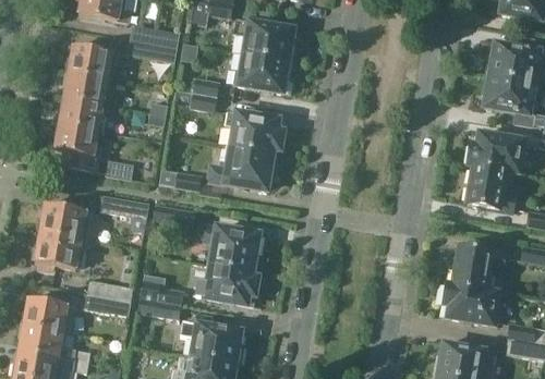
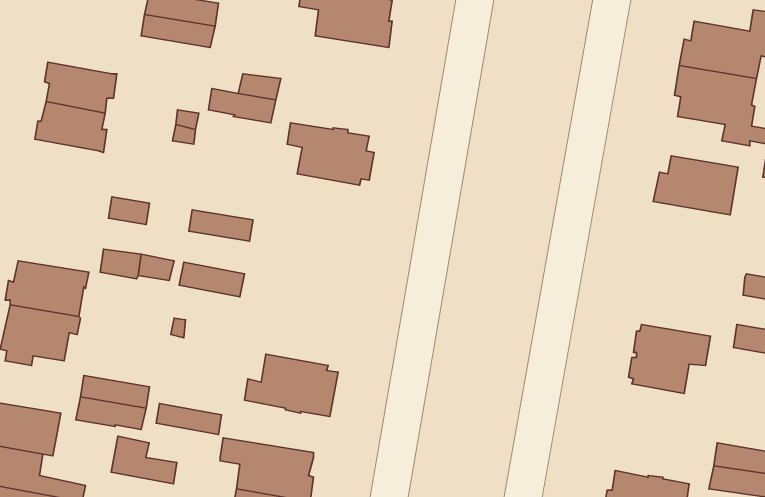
building: [65,45,119,78] -> none
building: [232,53,292,91] -> none
building: [53,122,102,173] -> none
building: [209,145,272,190] -> none
building: [465,164,514,211] -> none
building: [198,225,261,272] -> none
building: [140,273,183,305] -> [111,436,177,484]
building: [444,284,499,325] -> none

